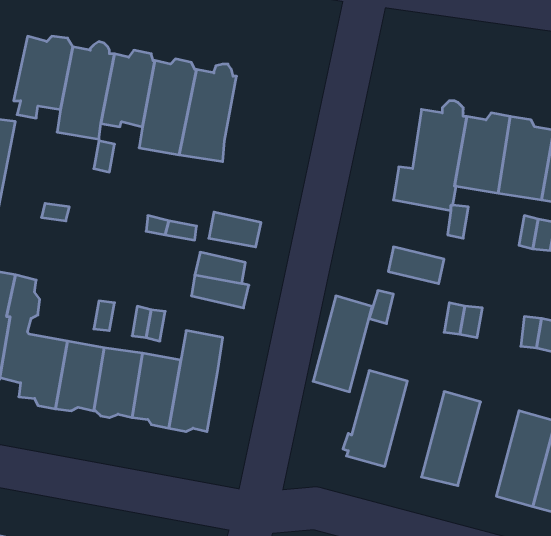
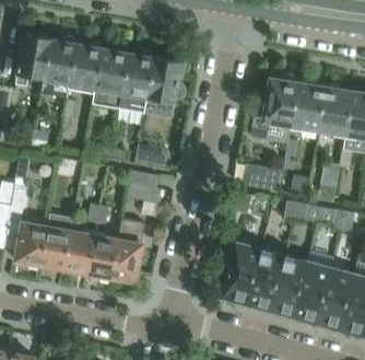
building: none -> [145,56,185,104]
building: [313,296,372,392] -> [246,251,283,311]
building: none -> [292,264,330,323]

